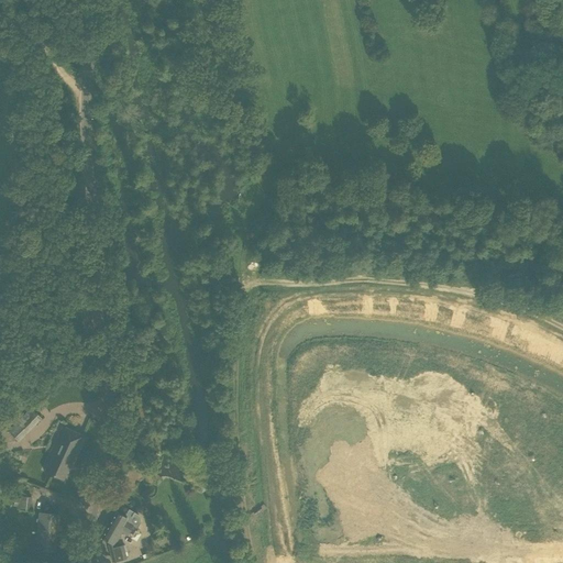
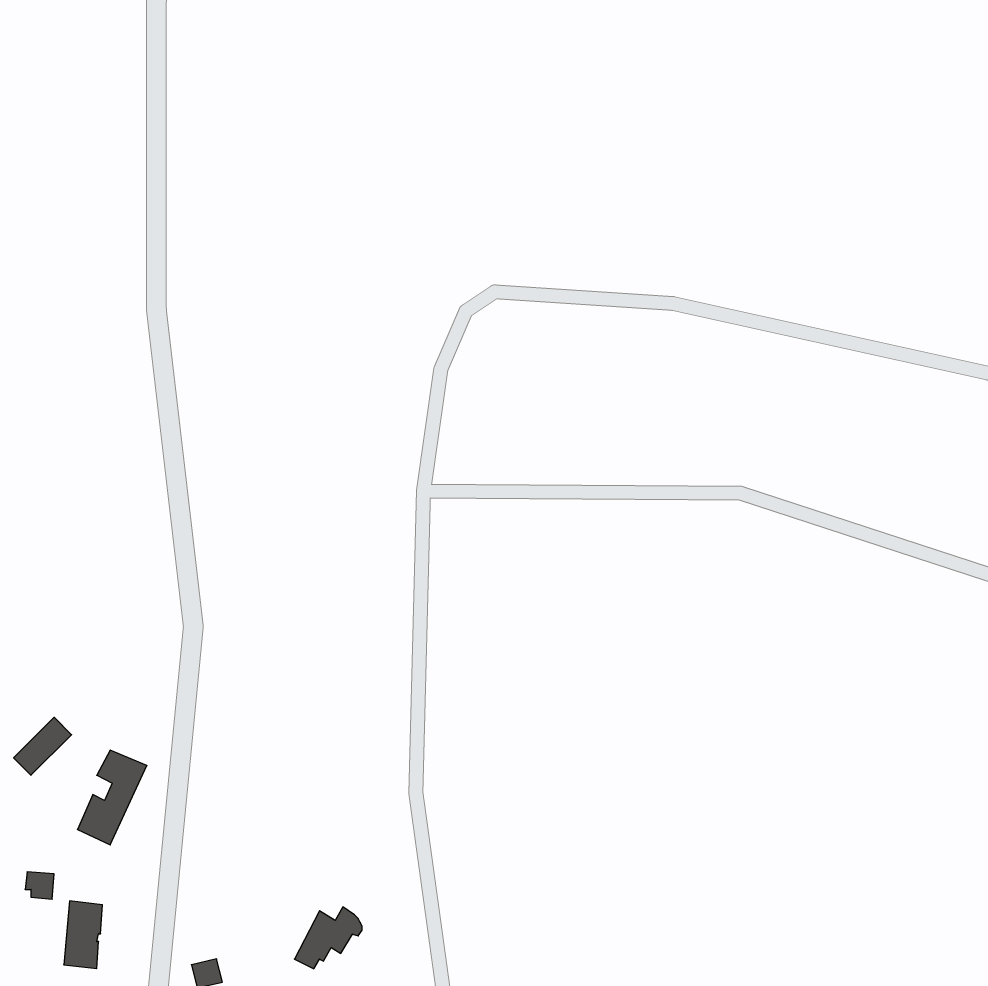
building: [101,510,140,545] -> [294,907,362,969]

